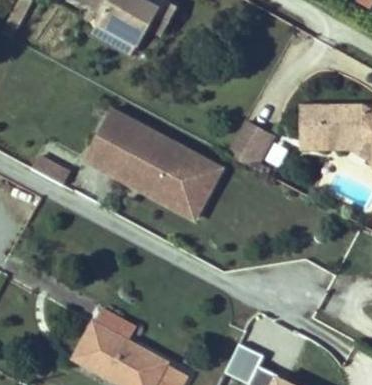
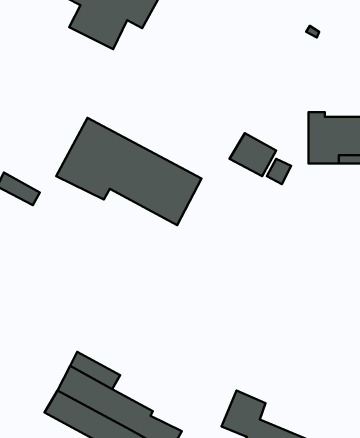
building: [125,161,222,218] -> none

